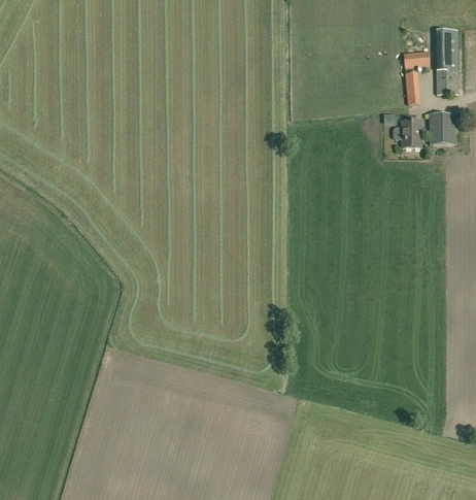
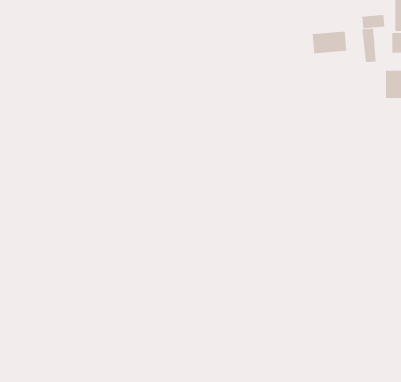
building: none -> [312,31,347,54]
building: [393,120,420,147] -> none

